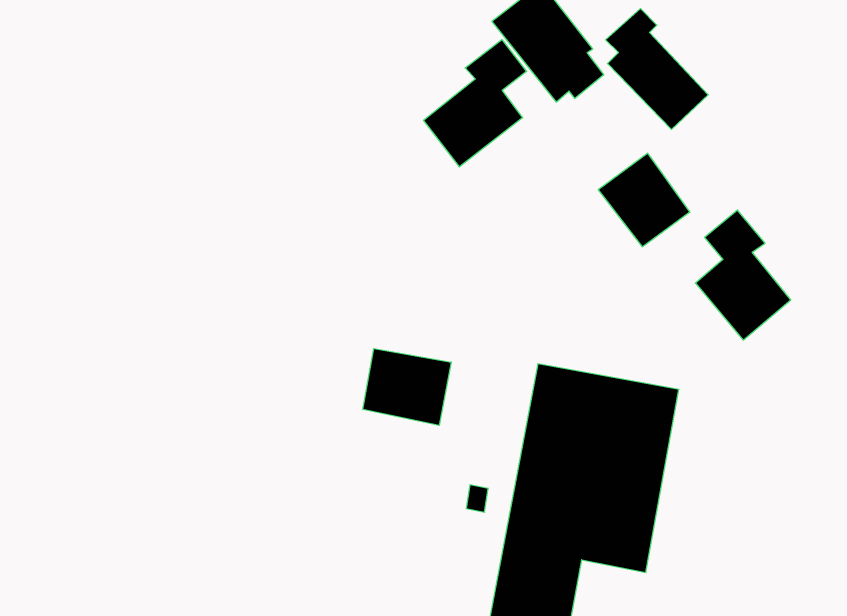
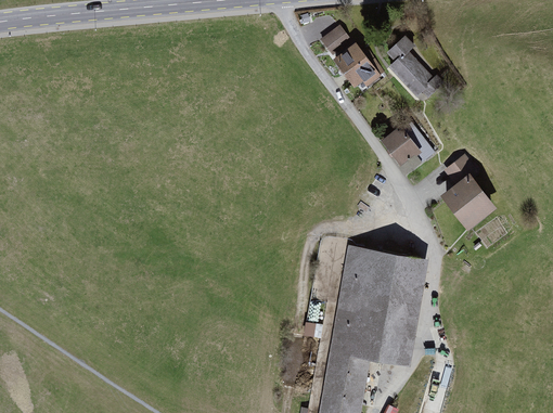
building: [424,40,527,167] -> none
building: [363,349,451,425] -> none

